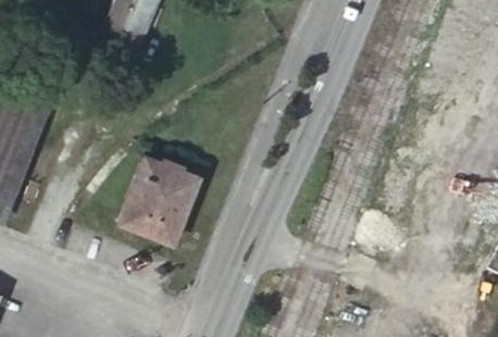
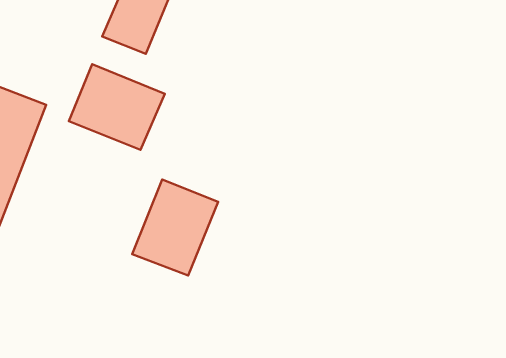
building: none -> [69,64,165,150]

